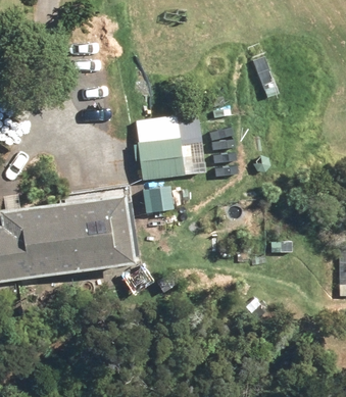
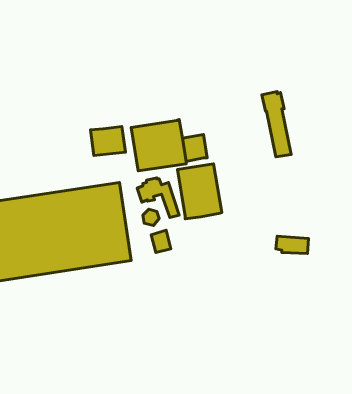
building: none -> [177,164,222,219]

